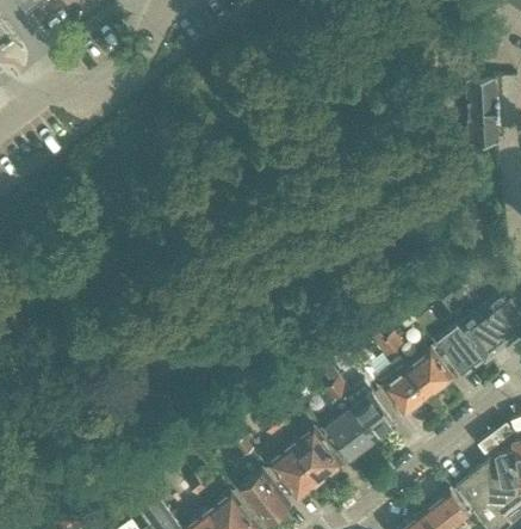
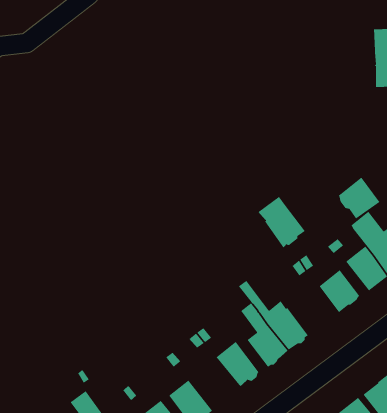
building: none -> [338,177,381,219]
building: [374,359,428,418] -> [258,196,306,248]
building: [268,448,318,499] -> none

